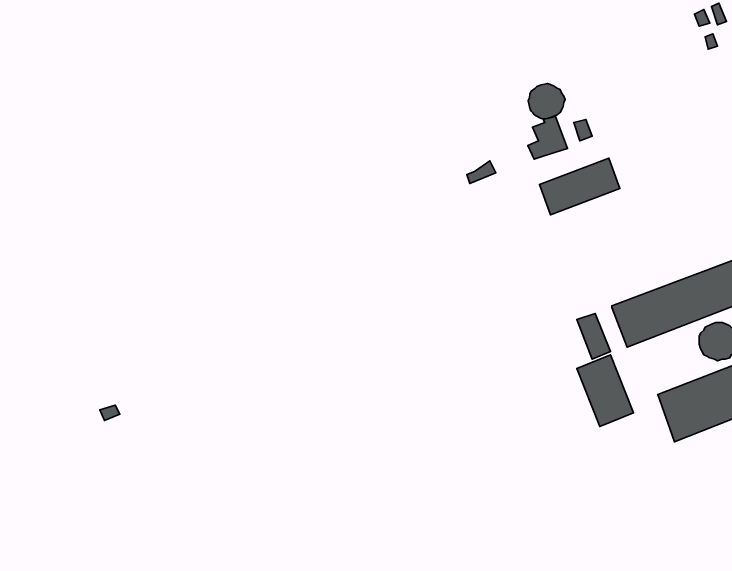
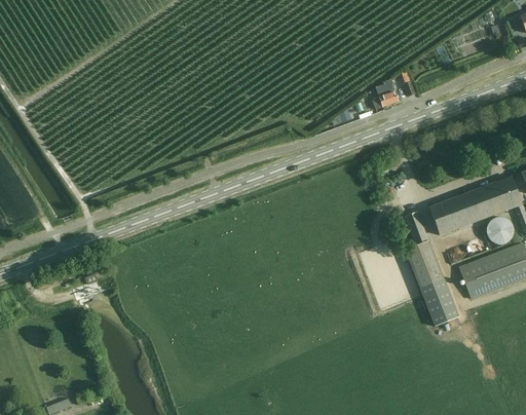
building: [528,83,565,119] -> none
building: [540,158,620,215] -> none
building: none -> [421,278,460,327]

